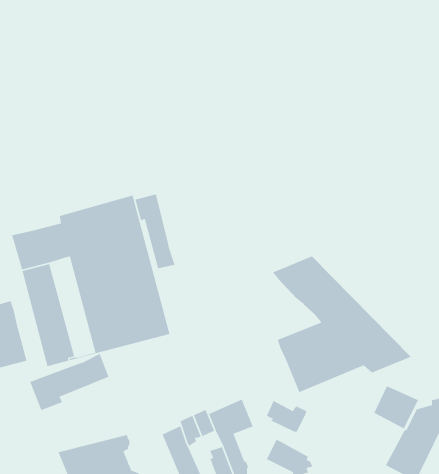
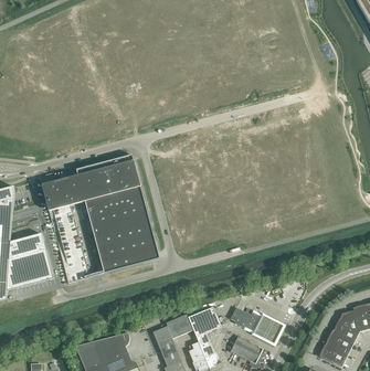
building: [135,194,176,269] -> none
building: [272,256,412,393] -> none
building: [29,353,110,411] -> none
building: [373,385,419,430] -> [252,311,286,344]

